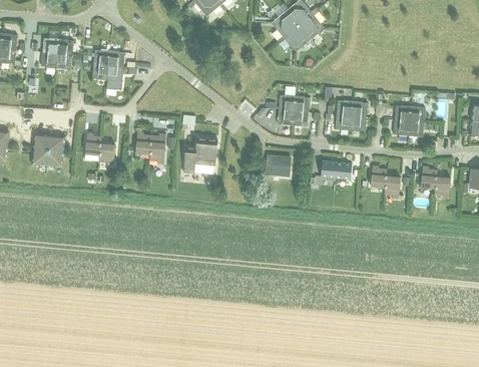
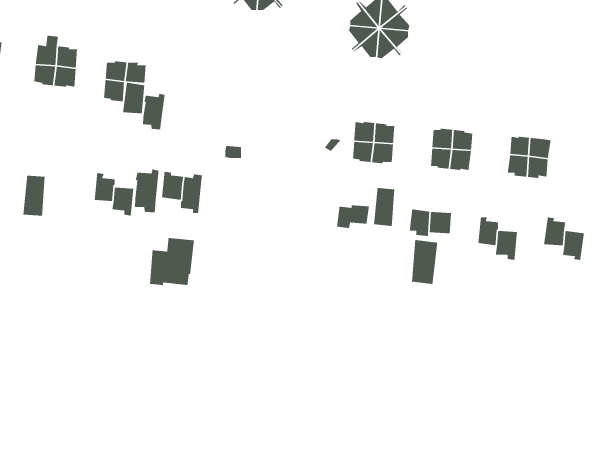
building: none -> [142,93,166,130]
building: none -> [134,169,160,213]
building: [47,134,64,165] -> none
building: [183,136,217,172] -> [149,237,195,286]
building: none -> [373,187,395,227]
building: none -> [411,239,438,285]

